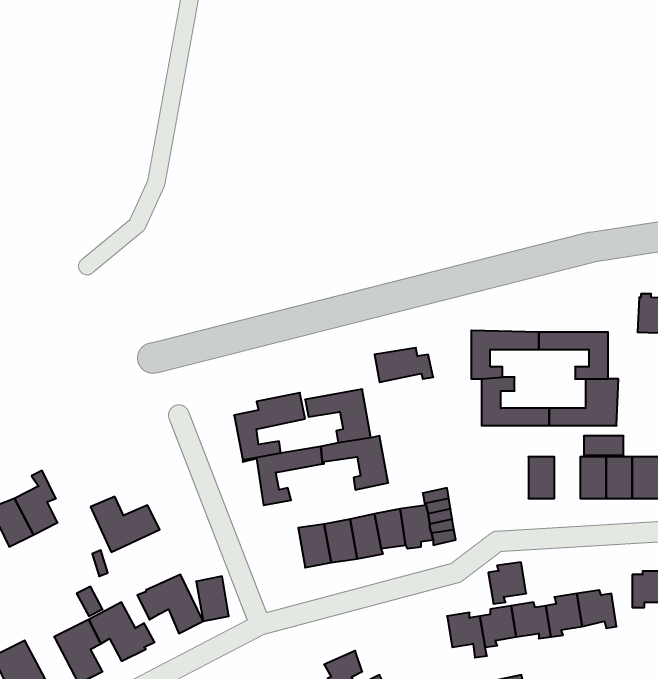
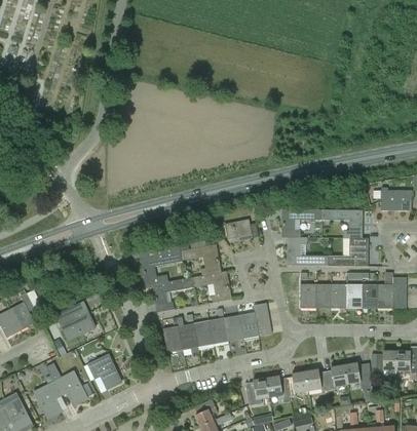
building: none -> [300,283,315,308]
building: none -> [331,283,346,308]
building: [488,562,526,604] -> [248,378,270,402]
building: [196,576,229,621] -> [163,325,183,352]

